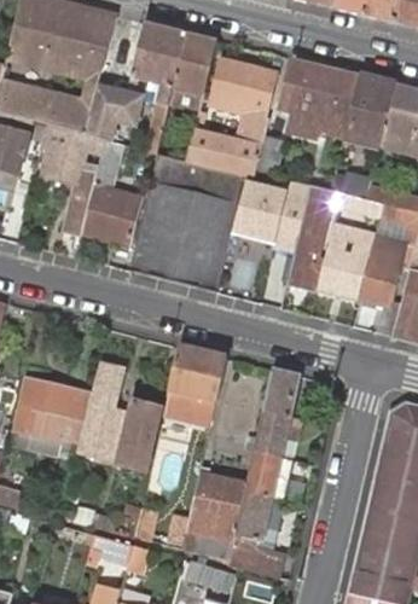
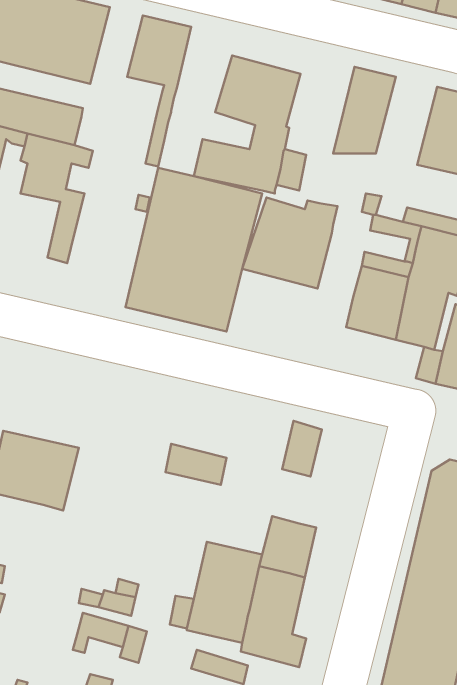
building: [170,33,217,112] -> none
building: [278,58,326,140] -> none
building: [343,75,396,153] -> none
building: [88,86,145,140] -> none
building: [85,161,143,243] -> none
building: [290,201,331,288] -> none
building: [170,344,227,399] -> none
building: [81,362,123,458] -> none
building: [120,400,162,469] -> none
building: [256,408,300,454] -> none

